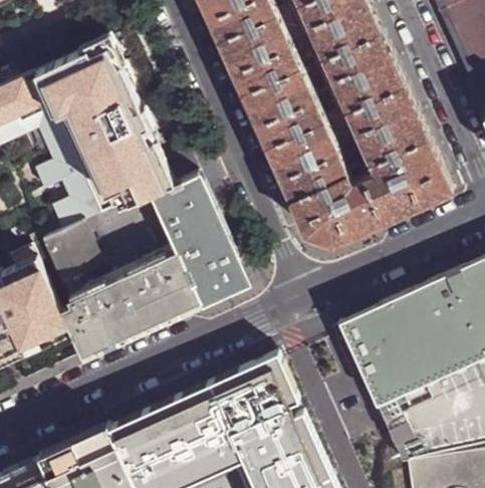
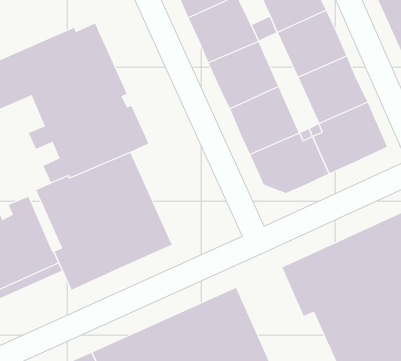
building: [154,176,239,303] -> none

